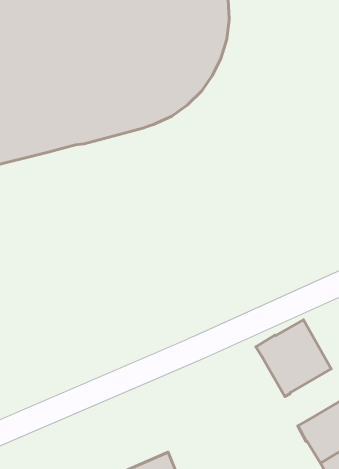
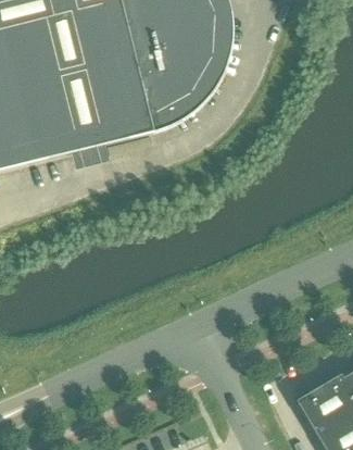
building: [256,320,331,396] -> none

